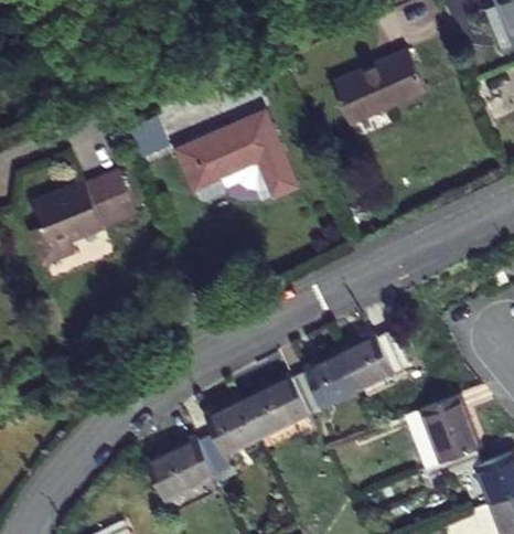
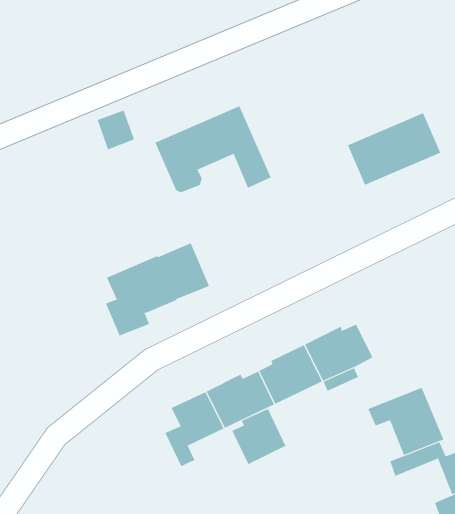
building: [334,51,429,125] -> [347,112,441,186]
building: [32,168,138,263] -> [105,242,210,336]
building: none -> [231,408,286,465]
building: [139,441,208,503] -> none

